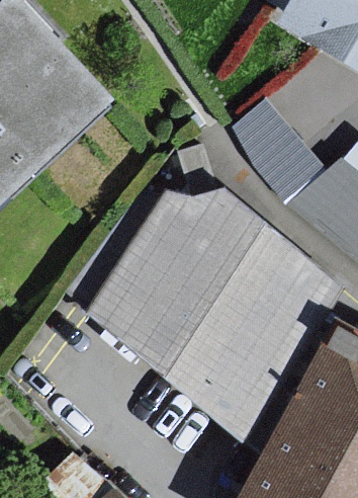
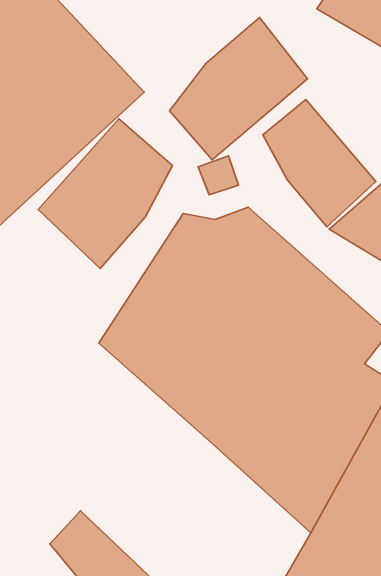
building: none -> [170,18,308,160]
building: none -> [38,119,173,268]

